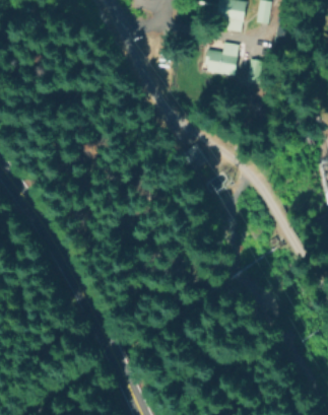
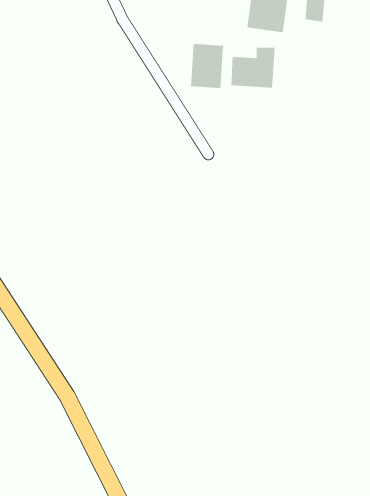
building: none -> [191,43,223,89]

